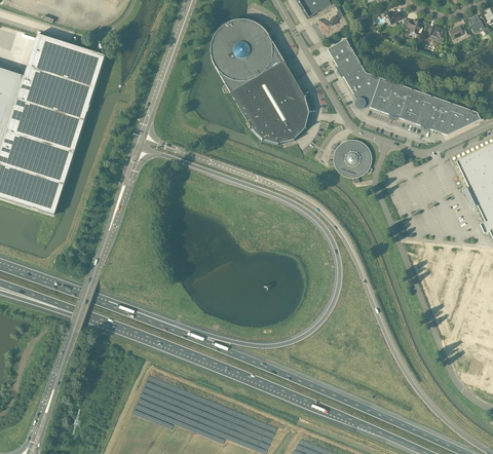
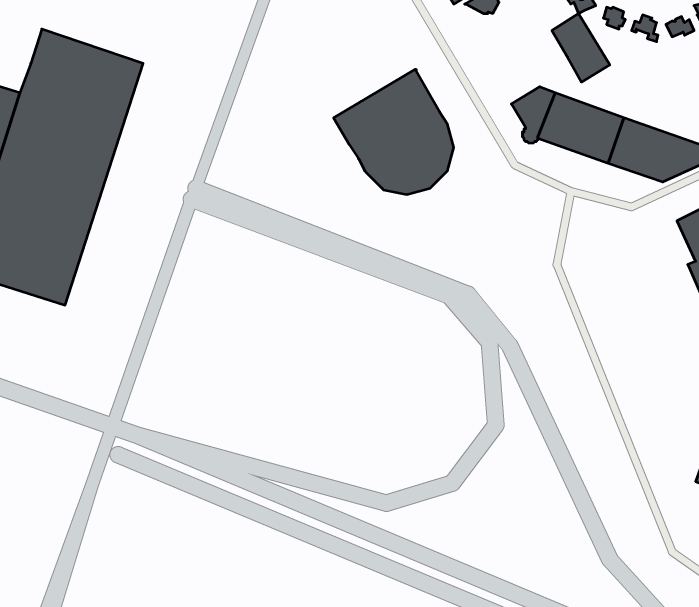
building: [211,18,283,91] -> none
building: [328,37,366,82] -> [552,13,610,82]
building: [329,140,371,182] -> none

